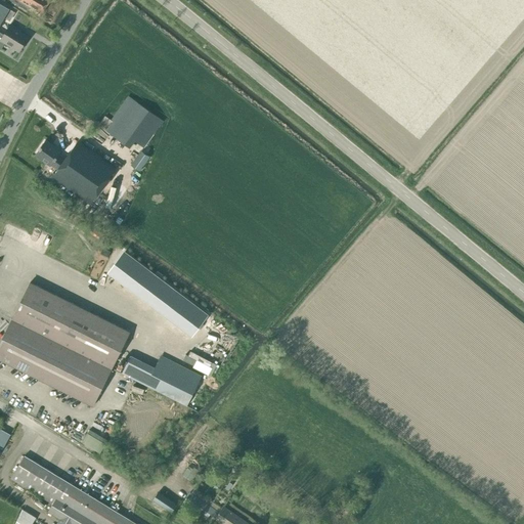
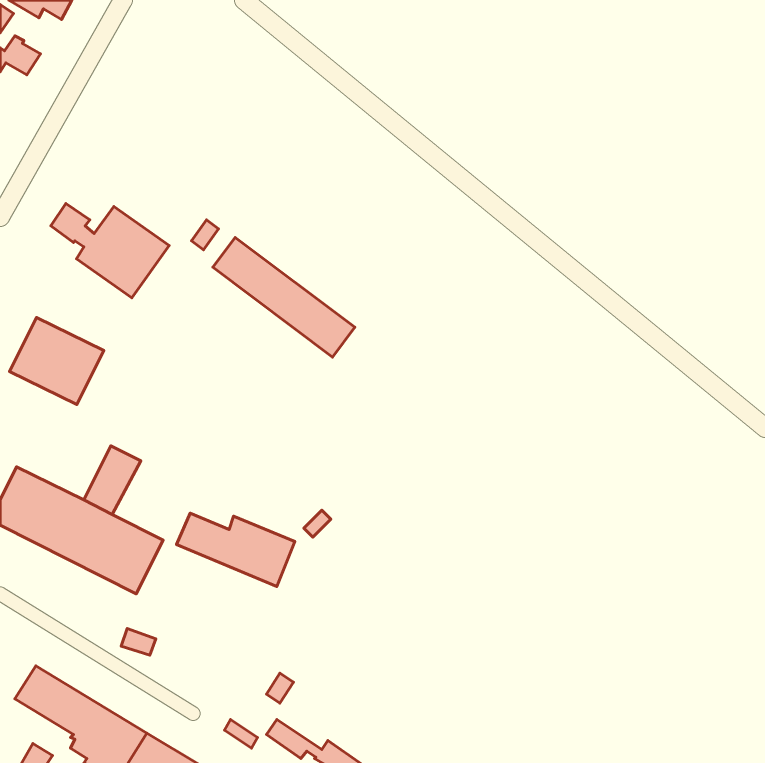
building: [98,97,163,148] -> none
building: [108,255,206,337] -> [213,237,355,357]
building: [11,283,76,343] -> [10,318,104,404]
building: [77,316,130,370] -> none

